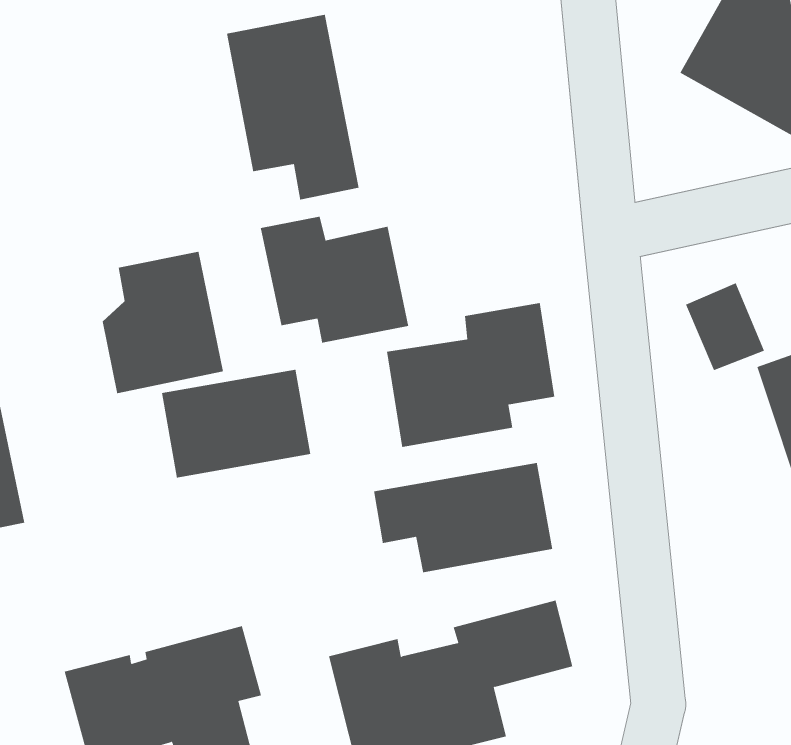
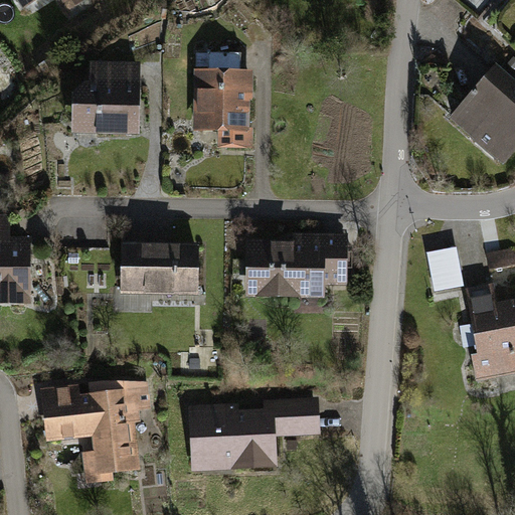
building: [260,216,409,344] -> none
building: [102,251,224,394] -> [77,63,140,134]
building: [374,462,553,573] -> none

